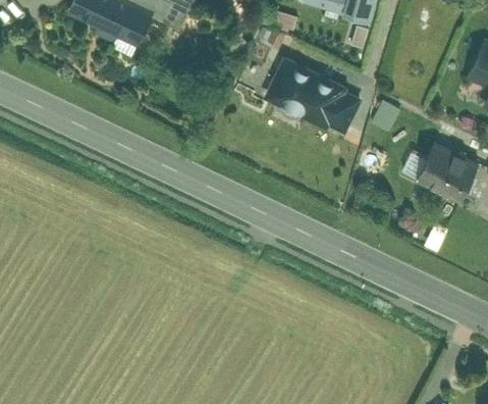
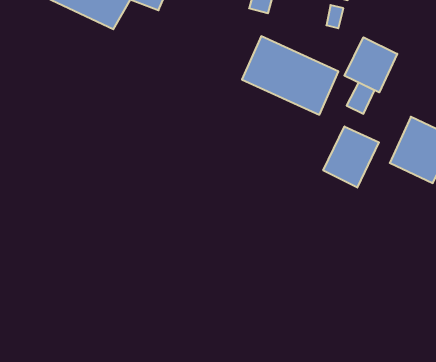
building: none -> [344,37,397,92]
building: none -> [323,126,379,188]

